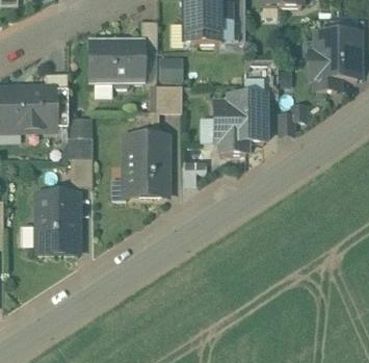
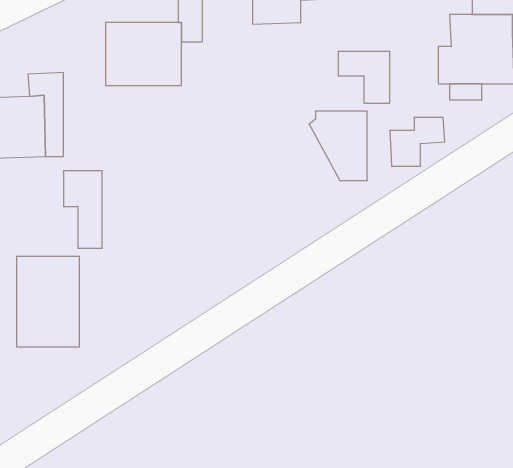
building: [158,52,183,77] -> none
building: [156,84,181,110] -> none
building: [213,105,244,153] -> none
building: [123,134,166,192] -> none

